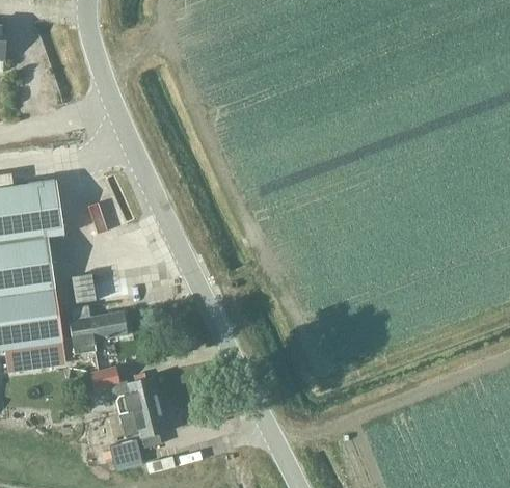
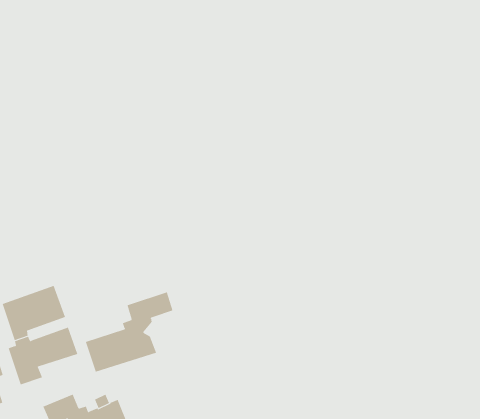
building: none -> [85,292,173,372]

